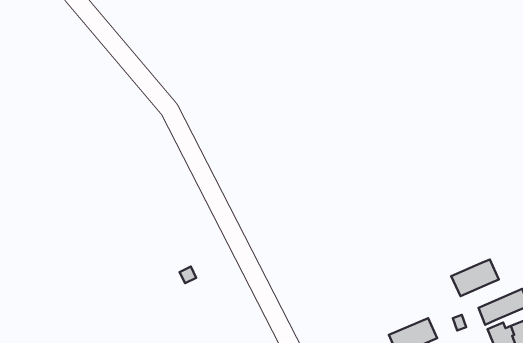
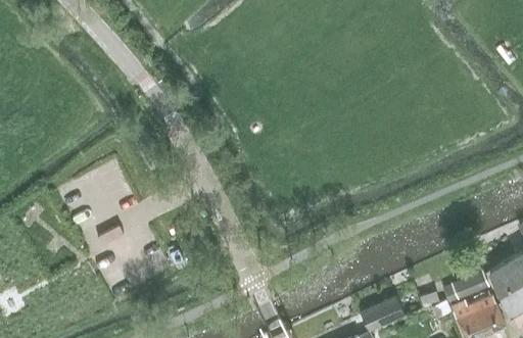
building: [451,260,499,296] -> none

